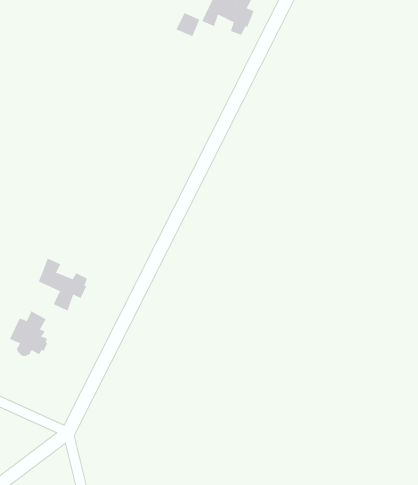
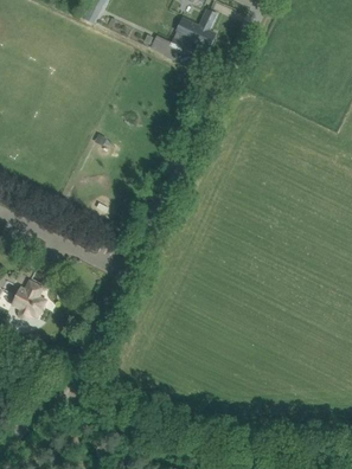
building: [38,258,88,312] -> none

